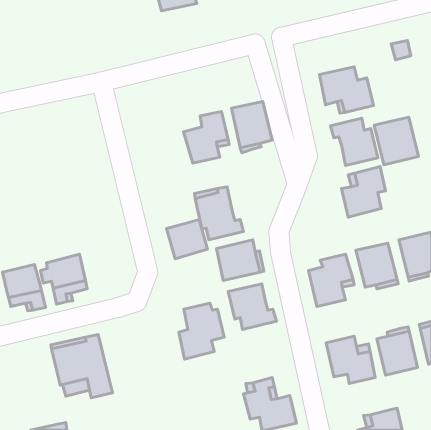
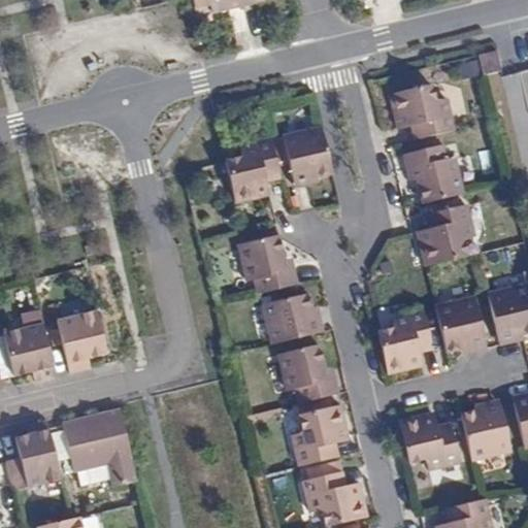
building: [374,117,418,165] -> none
building: [166,219,208,259] -> none
building: [179,303,224,359] -> [289,398,344,466]
building: none -> [6,420,62,490]

